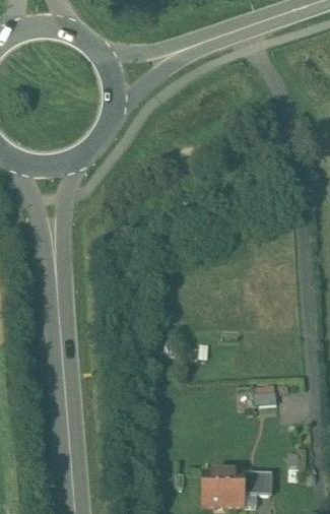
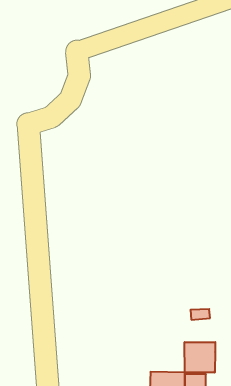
building: none -> [185,342,215,373]

